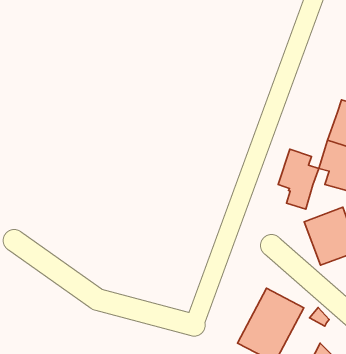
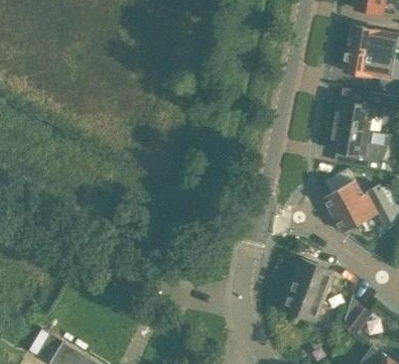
building: [278,149,319,209] -> none

